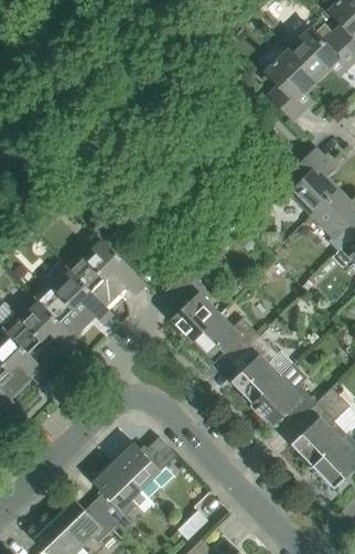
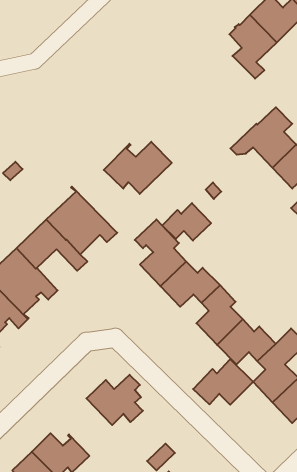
building: none -> [104,142,172,194]
building: none -> [162,203,211,241]
building: none -> [193,359,253,405]
building: [94,461,141,531] -> none

